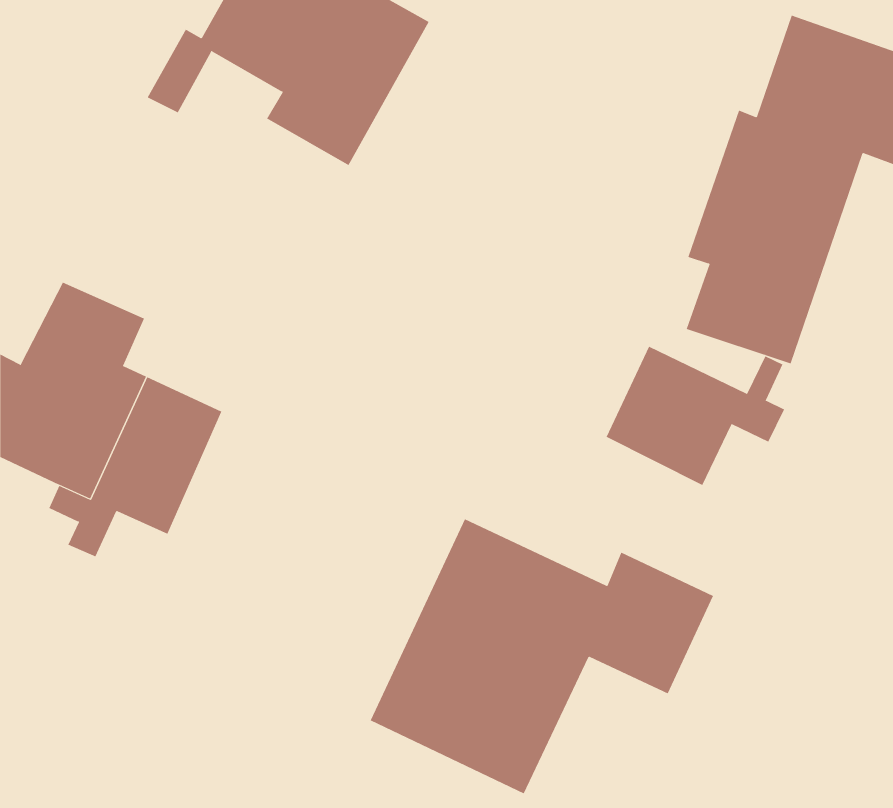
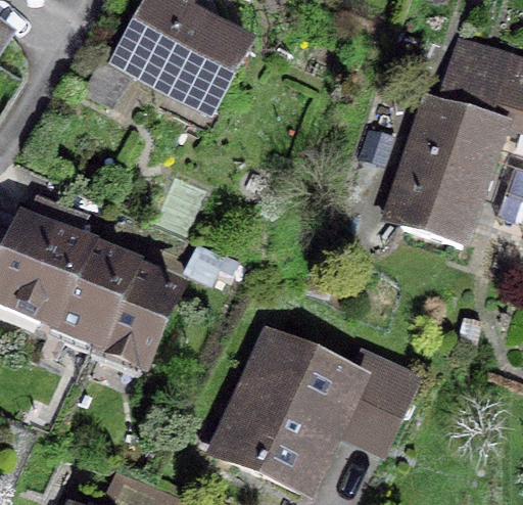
building: [606,346,785,486] -> none
building: none -> [98,269,176,361]

